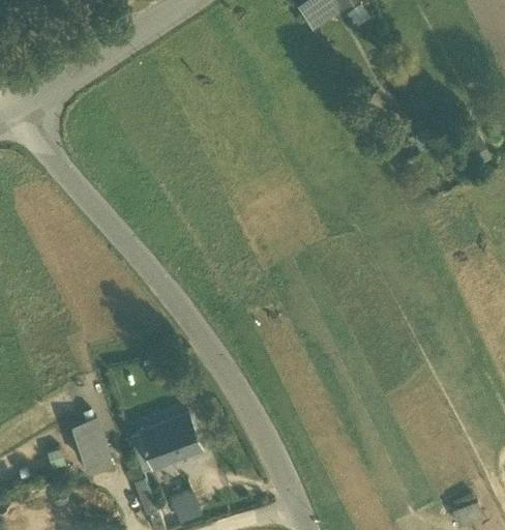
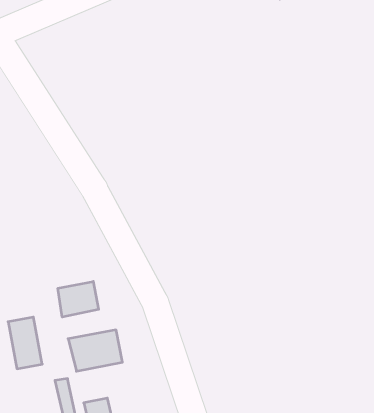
building: none -> [58,281,99,317]

